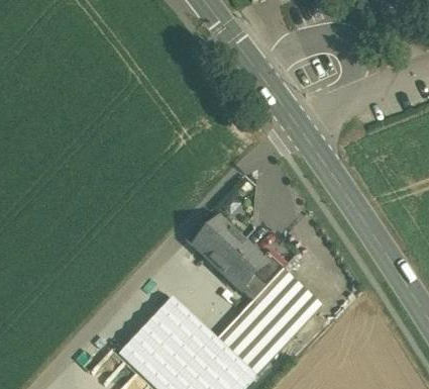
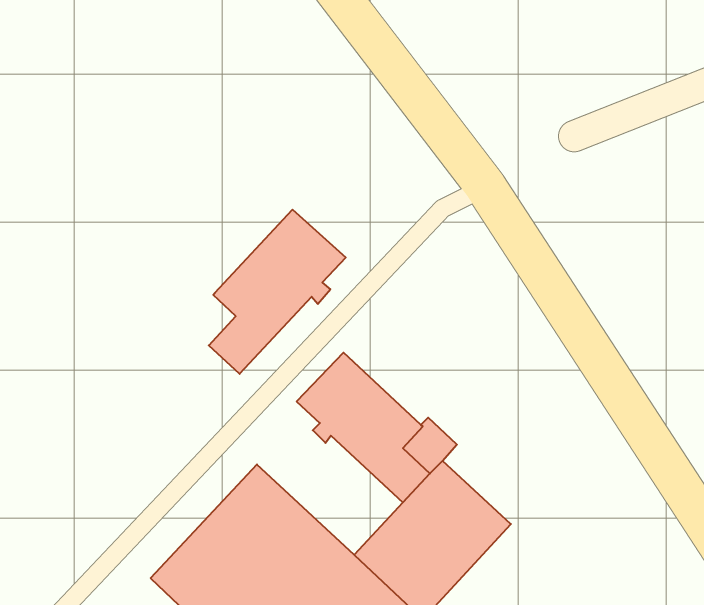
building: none -> [209,210,346,374]

